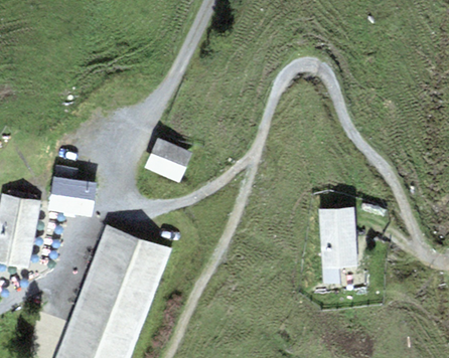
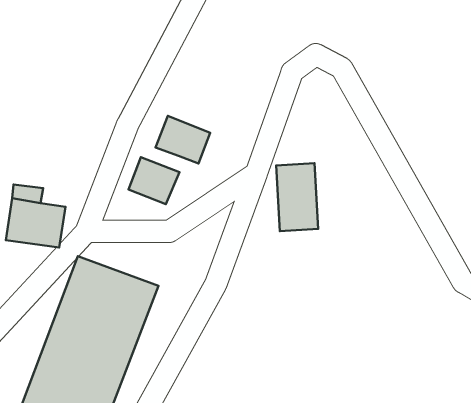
building: none -> [155,116,210,163]
building: [321,209,355,264] -> [276,163,318,231]

